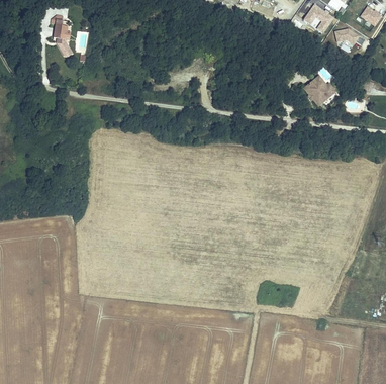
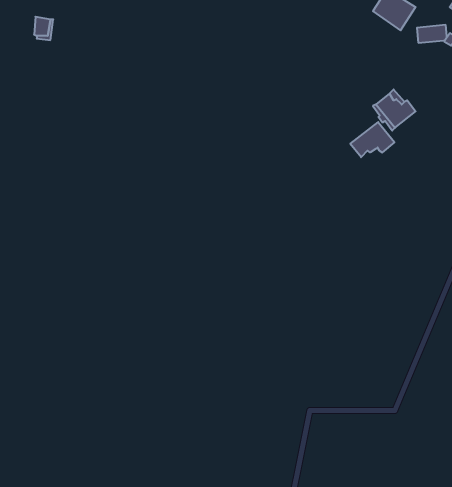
building: none -> [350,122,394,157]

